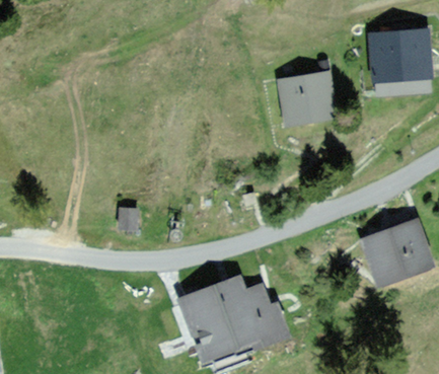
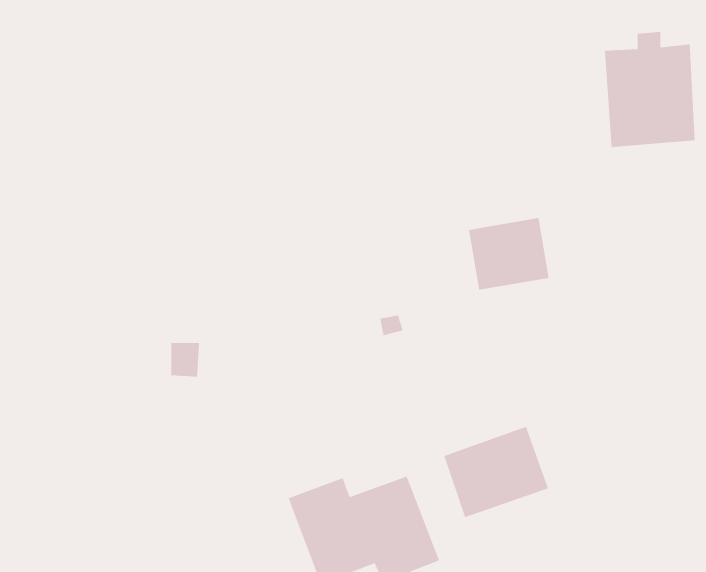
building: [283,75,331,118] -> [468,218,549,290]
building: [366,222,428,276] -> [444,426,549,518]

